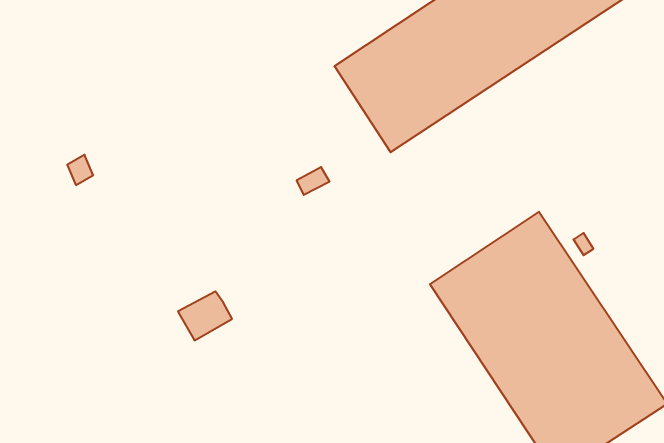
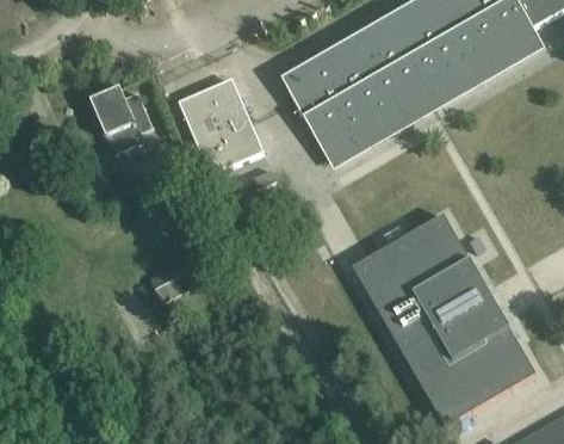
building: none -> [179,79,264,174]
building: none -> [91,87,153,154]

